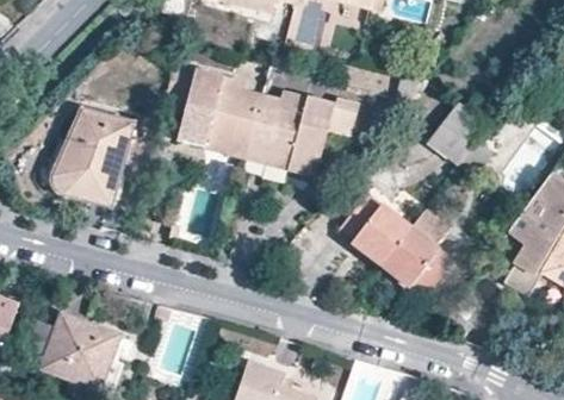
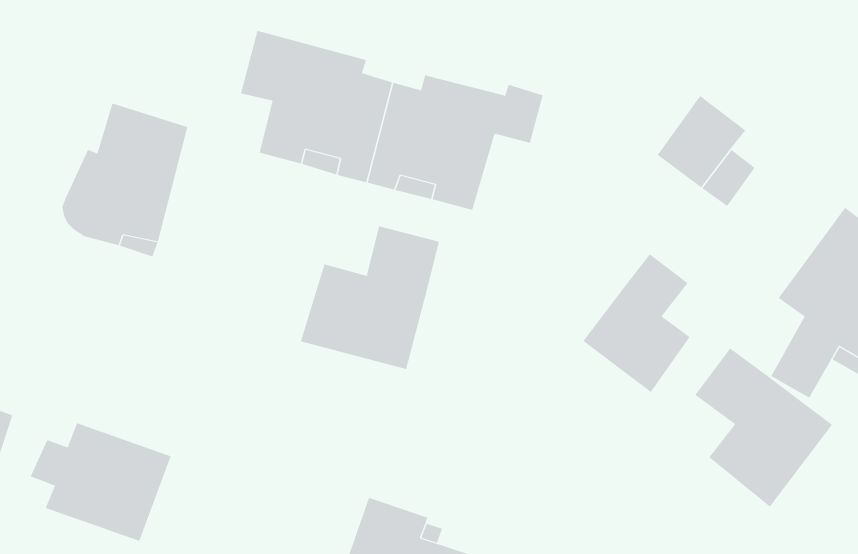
building: none -> [300,225,439,370]
building: [341,196,410,261] -> none
building: none -> [694,348,833,508]

